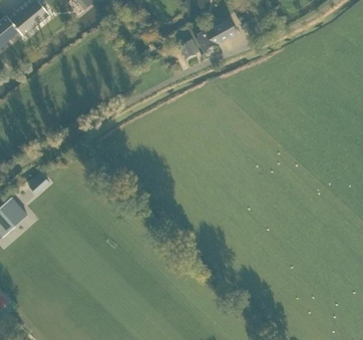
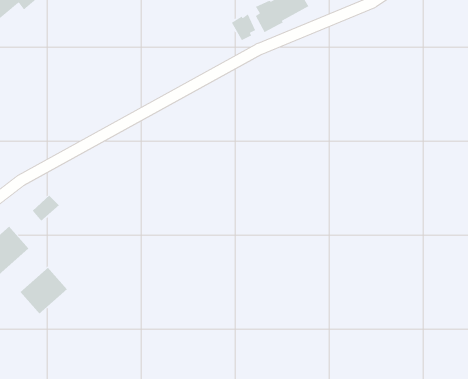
building: none -> [20,267,68,315]

